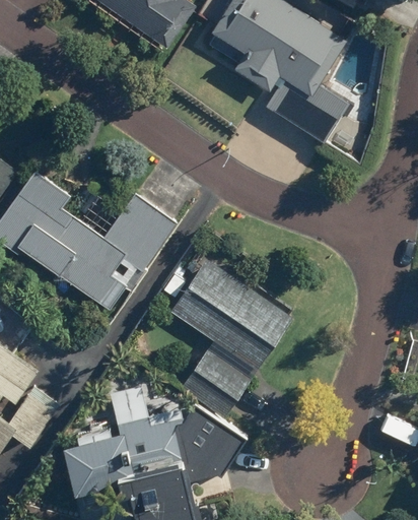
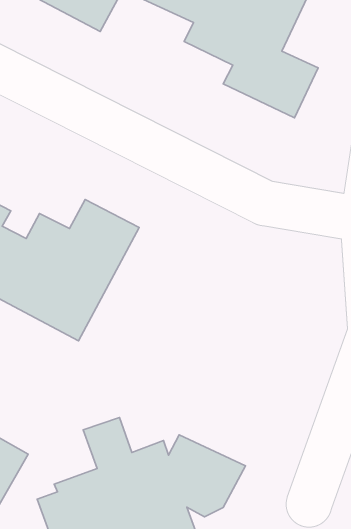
building: [169,259,293,410] -> none

